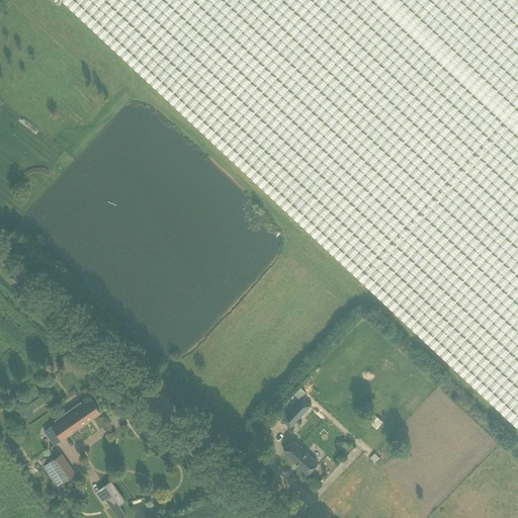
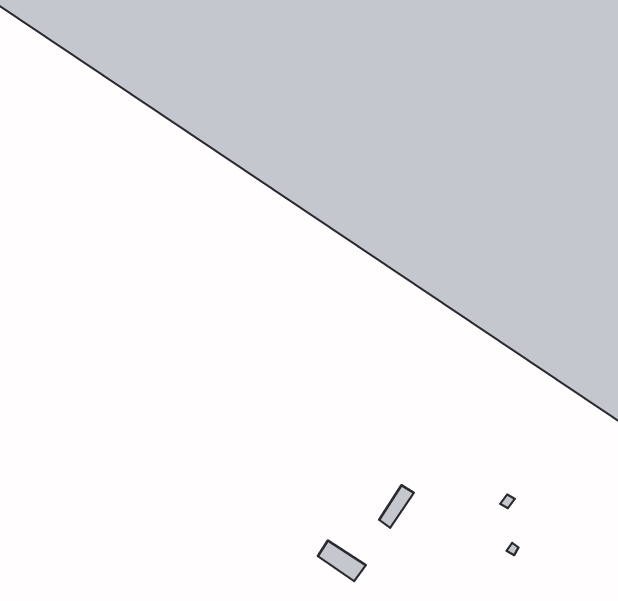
building: [52,398,101,439] -> none
building: [285,441,319,473] -> [318,541,366,581]

